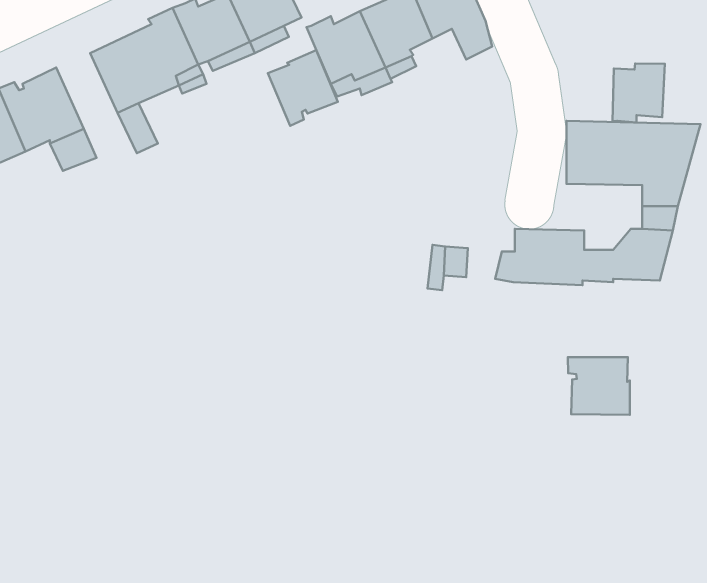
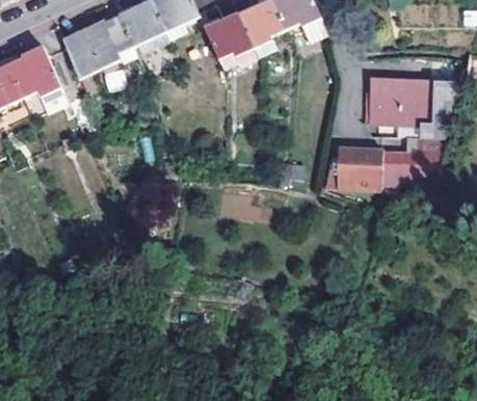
building: [268,50,338,126] -> none
building: [613,63,665,123] -> none
building: [568,357,630,415] -> none

